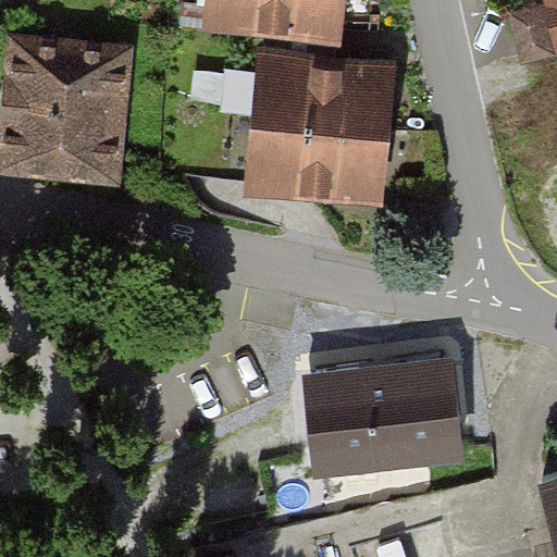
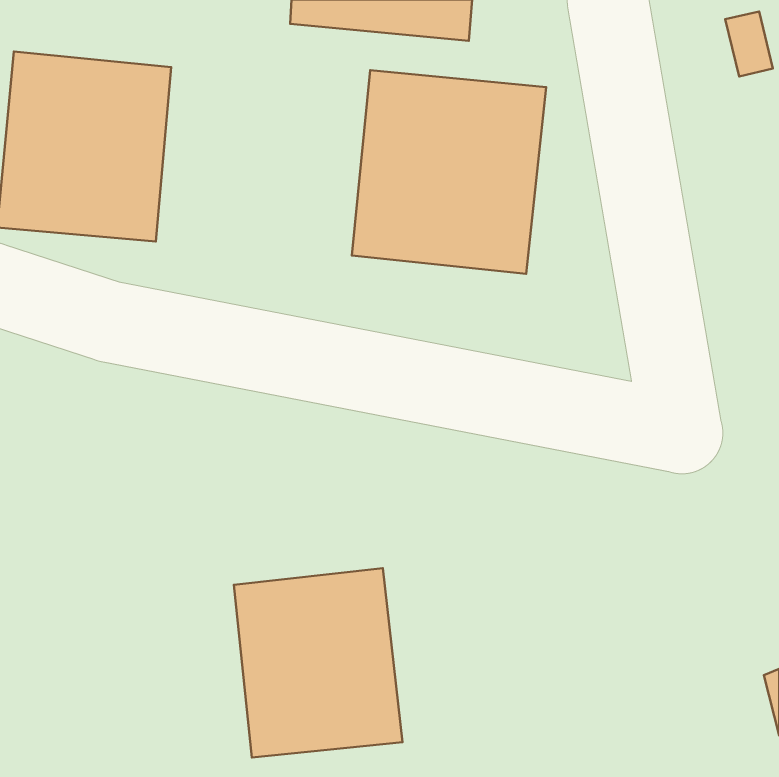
building: [307,369,471,461] -> none
building: none -> [234,568,402,757]

